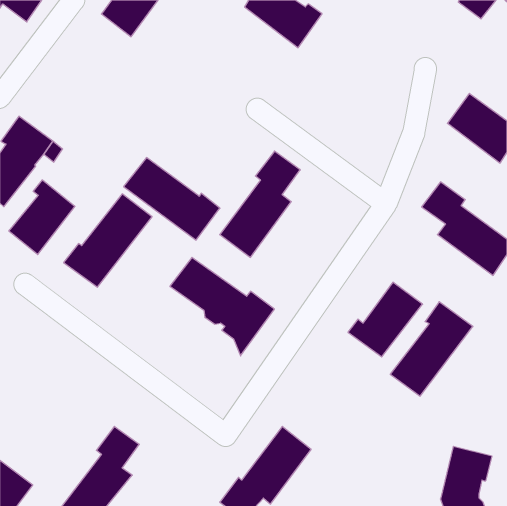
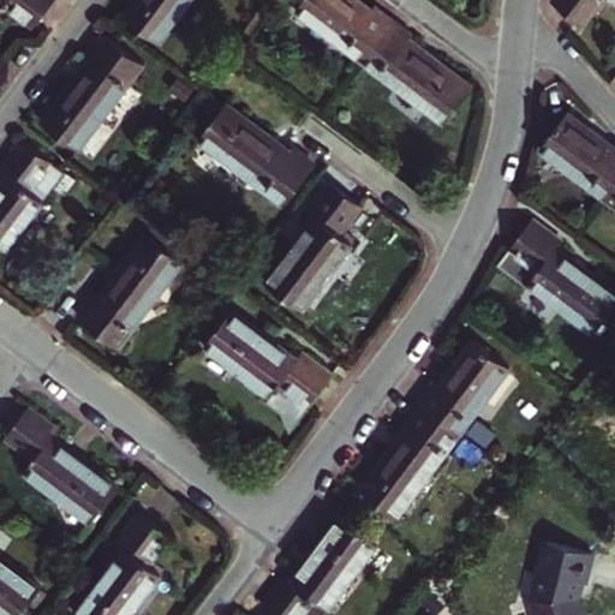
building: none -> [360,19,471,125]
building: none -> [42,36,143,155]
building: [124,158,220,240] -> [198,107,315,207]
building: [9,180,75,255] -> none
building: [390,302,473,396] -> [362,404,461,518]
building: none -> [5,410,118,523]

